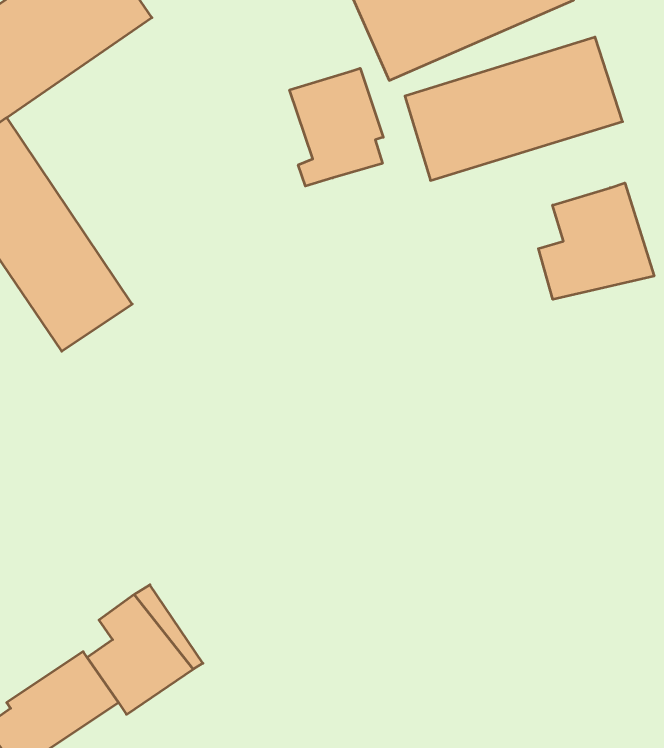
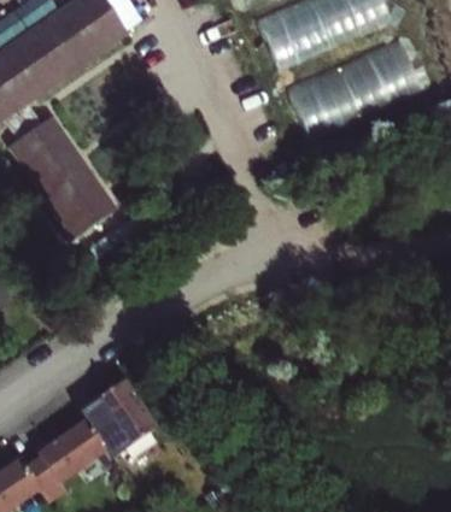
building: [290,68,383,186] -> none
building: [538,183,654,299] -> none

